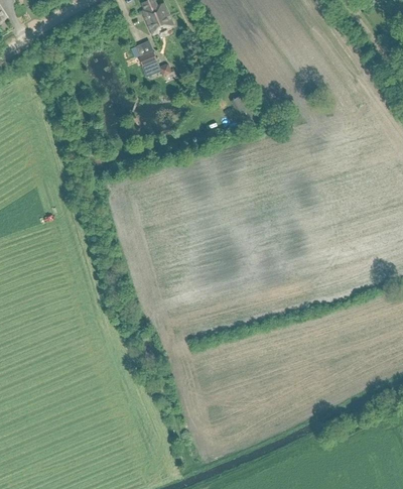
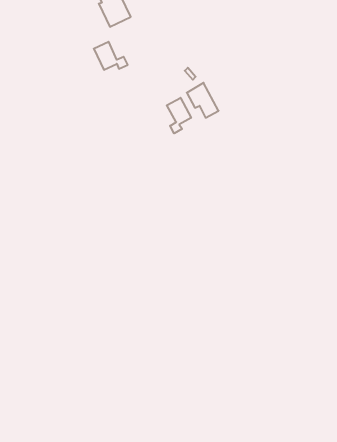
building: none -> [167,98,191,133]

